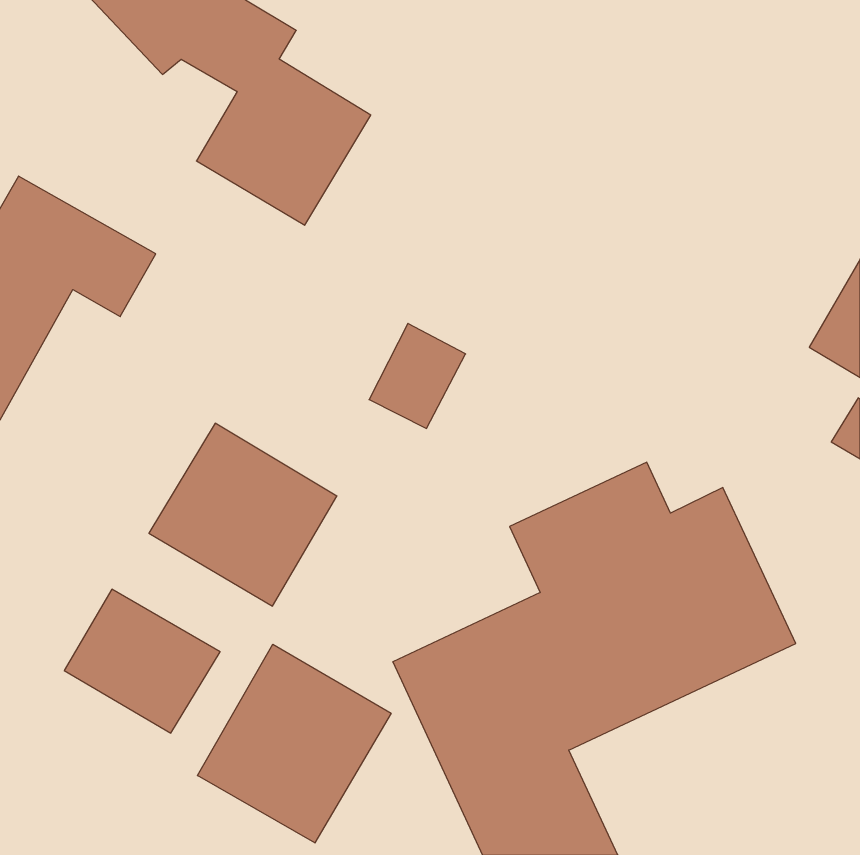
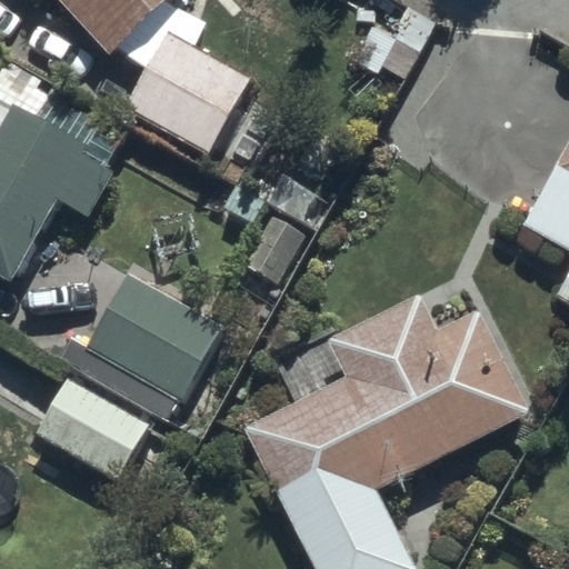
building: [197,644,391,843] -> none

